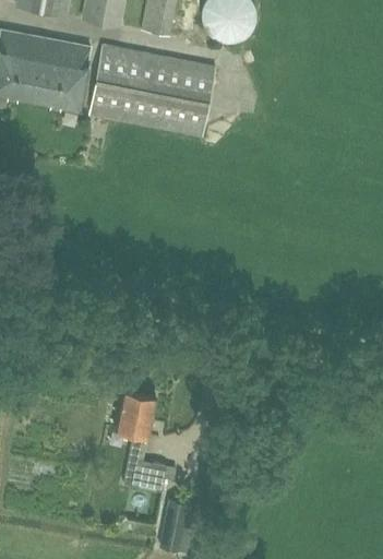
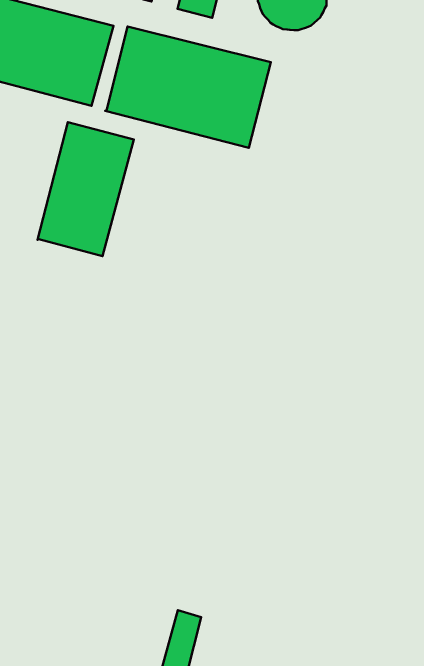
building: none -> [37,122,134,256]
building: [116,389,176,490] -> none

